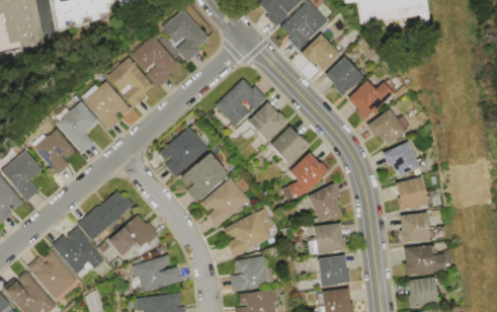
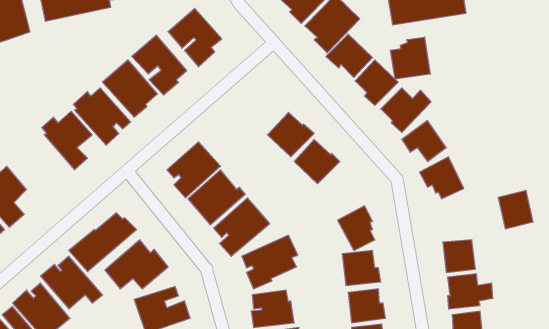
building: none -> [390,37,430,79]
building: [218,79,267,126] -> none
building: [33,130,74,174] -> none
building: [289,151,330,198] -> none
building: [396,177,426,211] -> [498,190,533,229]

